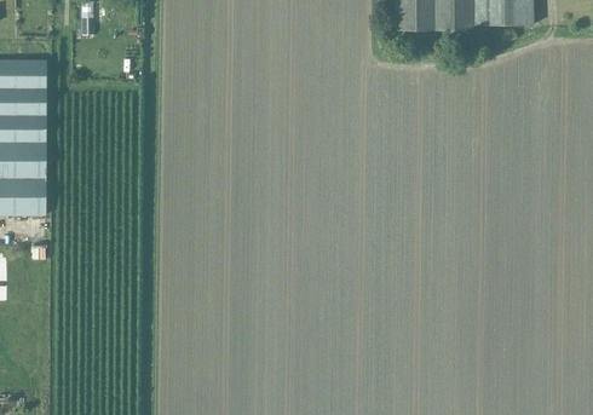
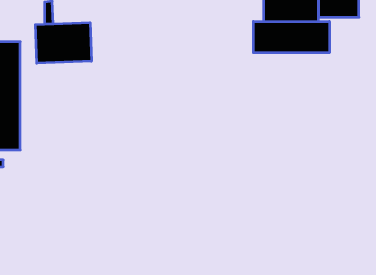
building: none -> [253,21,329,53]
building: none -> [35,23,91,63]

